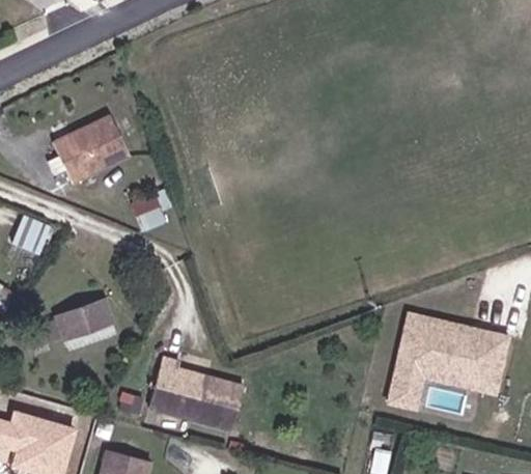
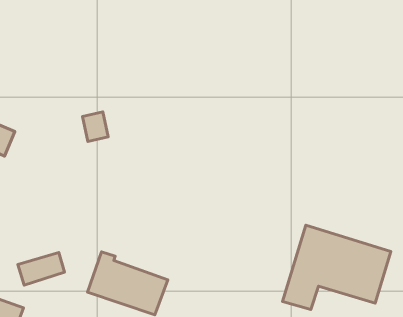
building: [57,111,134,180] -> none
building: [60,294,116,335] -> [18,252,64,285]

